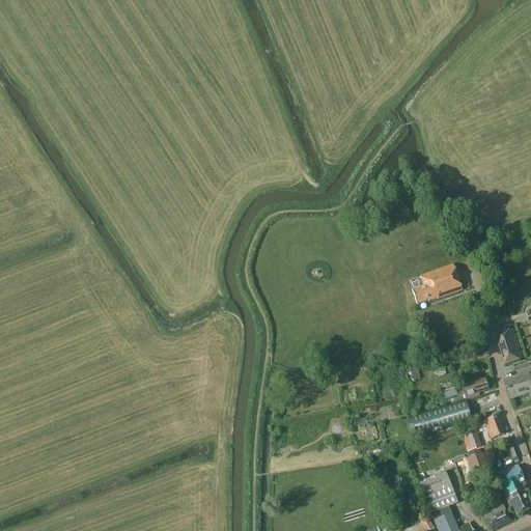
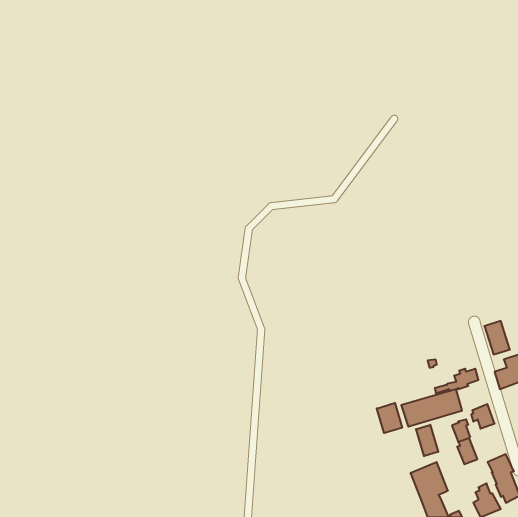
building: [413,263,462,302] -> none
building: none -> [377,403,402,433]
building: none -> [416,425,438,456]

